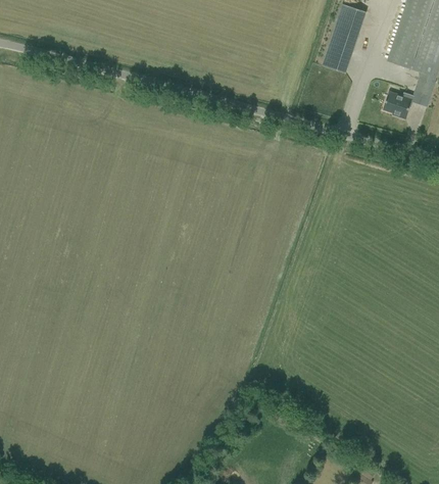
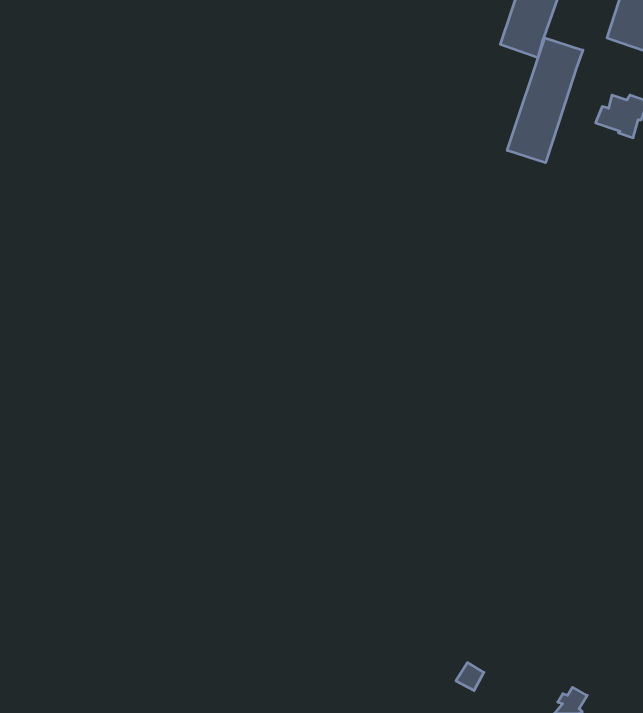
building: none -> [507,38,583,163]

